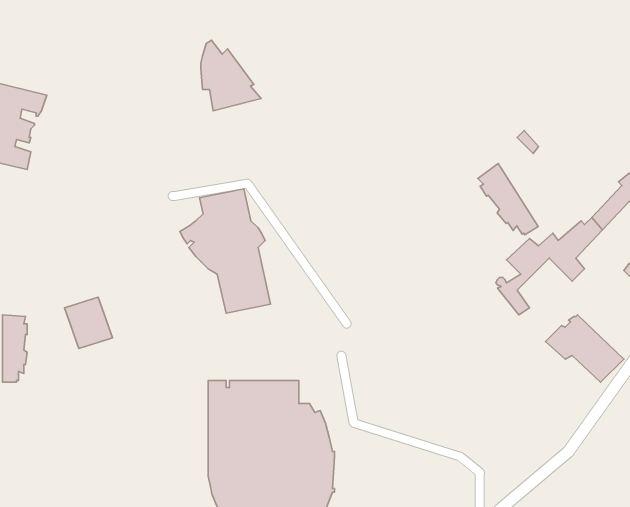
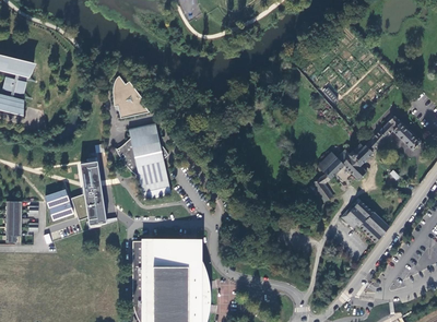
building: [201,40,261,111] -> [113,75,150,119]
building: [478,163,538,235] -> none
building: none -> [71,157,107,226]

